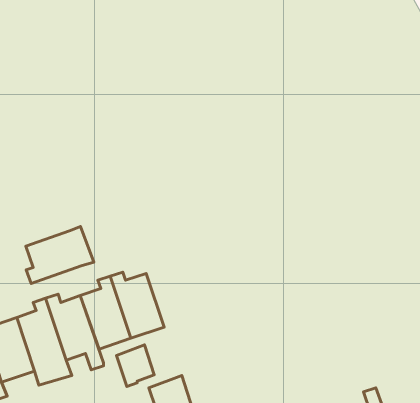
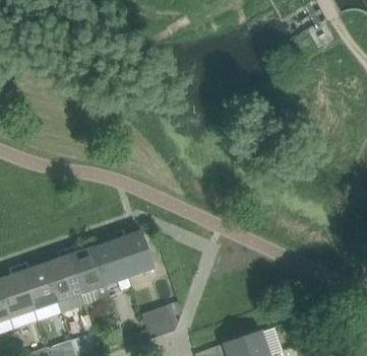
building: [26,227,94,283] -> none
building: [116,345,154,386] -> none

